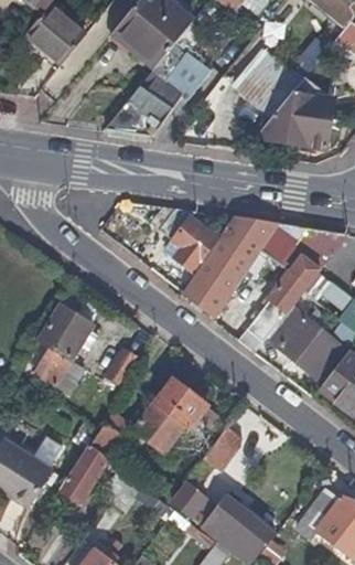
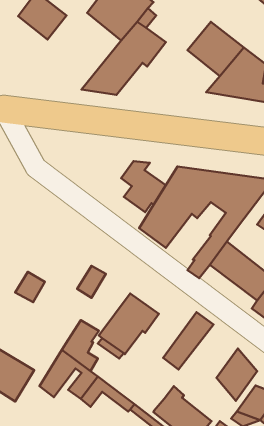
building: [31,310,86,361] -> none
building: none -> [216,348,257,401]
building: [163,480,211,520] -> none

